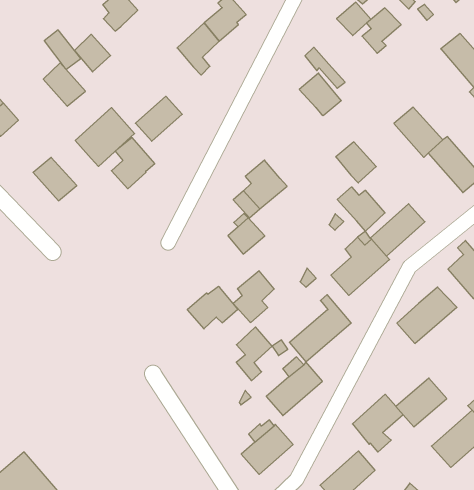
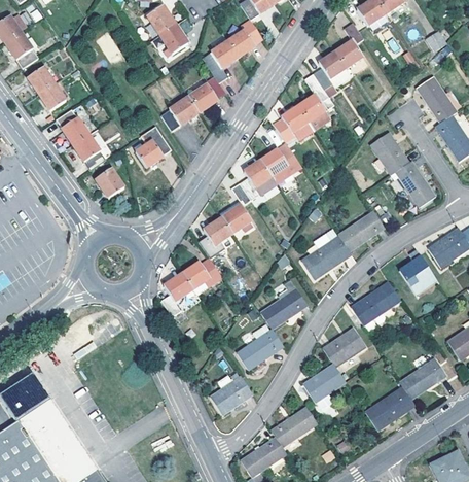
building: [362,8,401,53] -> [314,53,347,89]
building: [74,34,111,72] -> [159,24,188,55]
building: [43,63,85,106] -> [56,108,88,144]
building: none -> [188,76,225,113]
building: none -> [275,106,309,142]
building: [75,108,135,166] -> none
building: [336,142,376,183] -> [261,149,293,183]
building: [337,187,385,231] -> none
building: none -> [95,168,124,198]
building: [233,271,274,322] -> [199,217,233,259]
building: [236,327,272,381] -> [163,273,193,316]
building: [396,378,447,427] -> [323,329,365,367]

